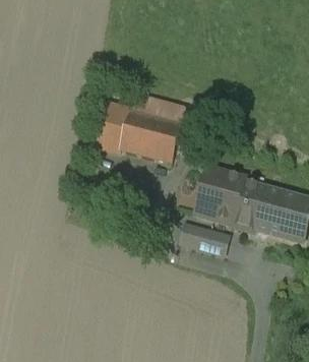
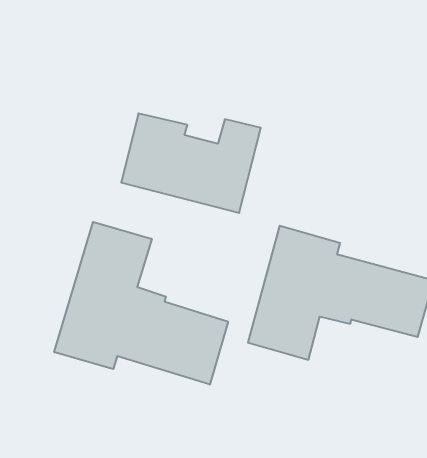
building: none -> [54,222,228,385]

